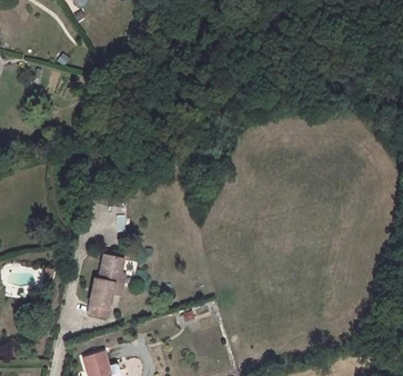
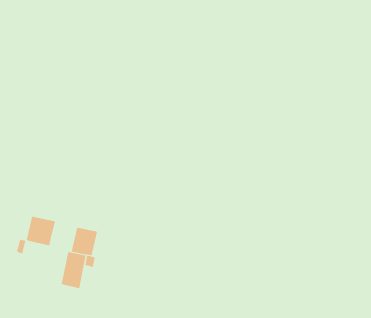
building: none -> [26,216,56,246]

